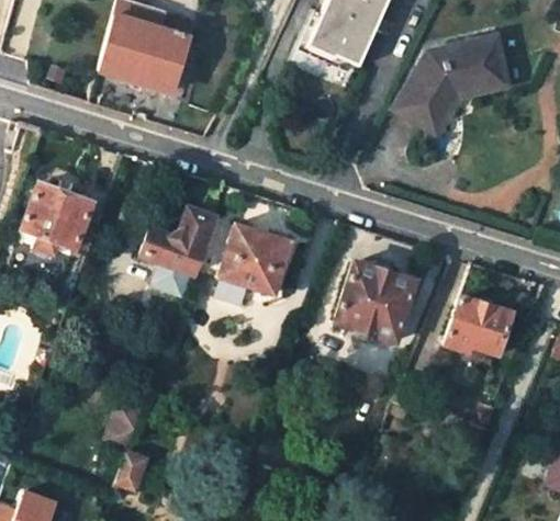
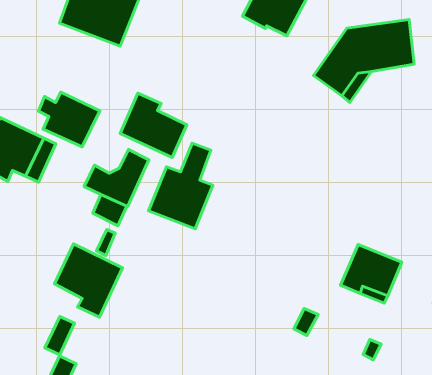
building: none -> [120,93,187,157]
building: none -> [38,92,100,147]
building: [335,264,411,341] -> none
building: none -> [55,244,123,317]

